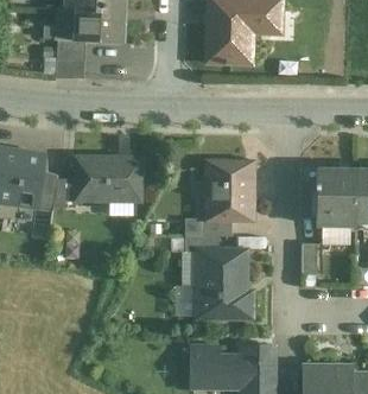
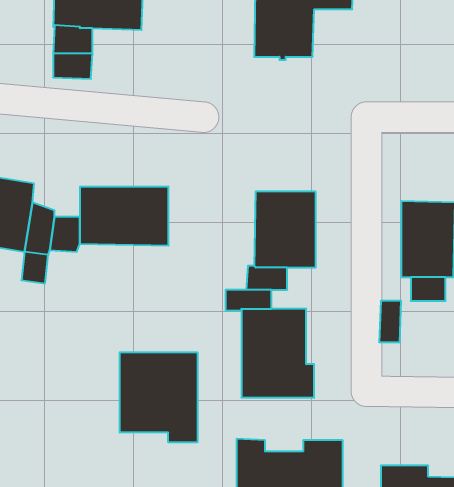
building: none -> [120,352,197,442]

